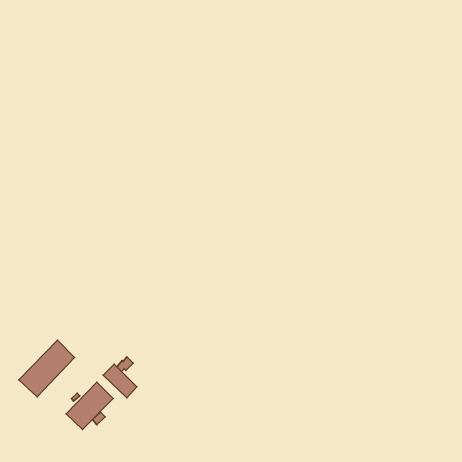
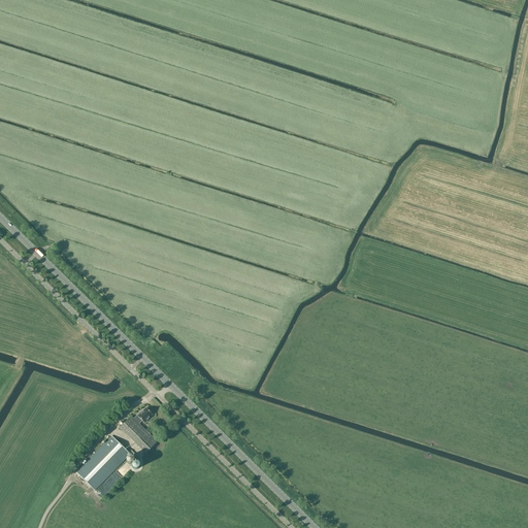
building: [19,340,75,397] -> none

